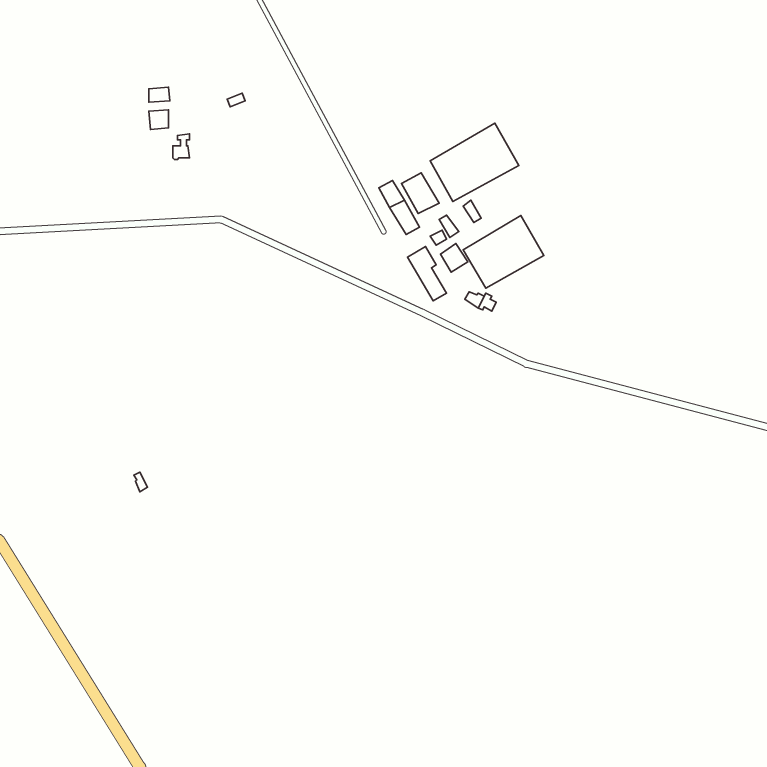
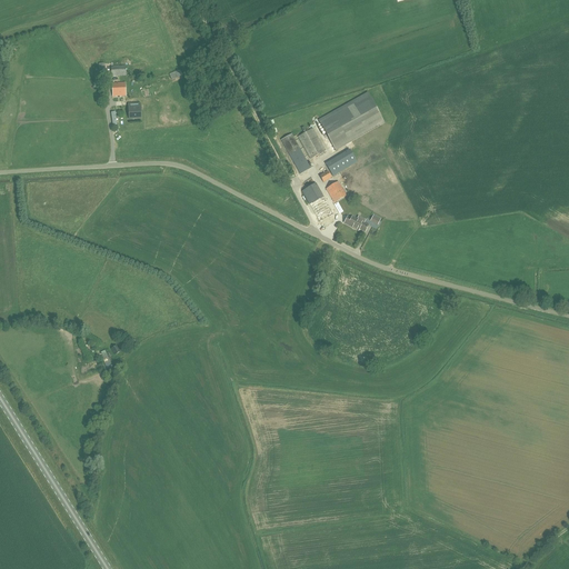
building: [463,215,544,288] -> none

